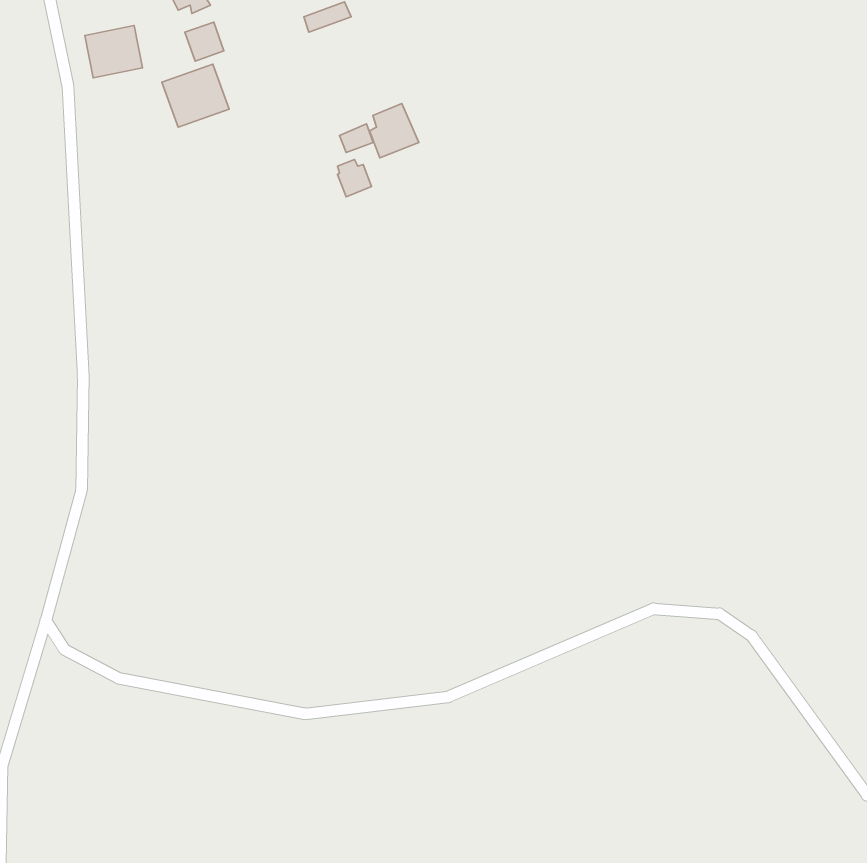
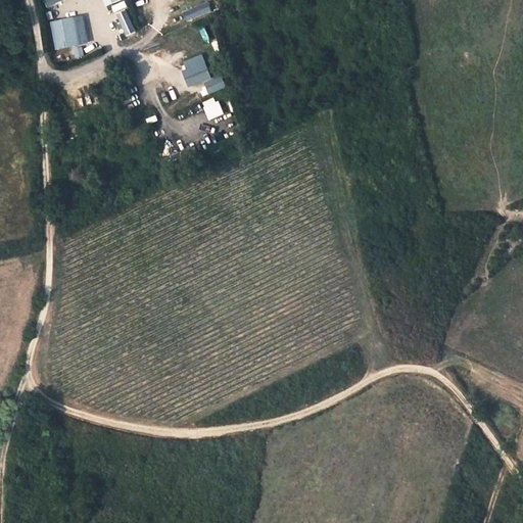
building: [162,64,229,127] -> none
building: [370,104,419,158] -> [182,53,211,86]

